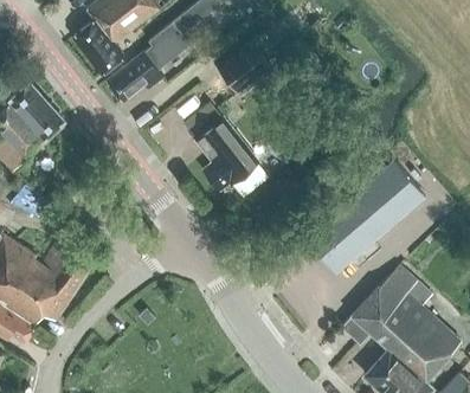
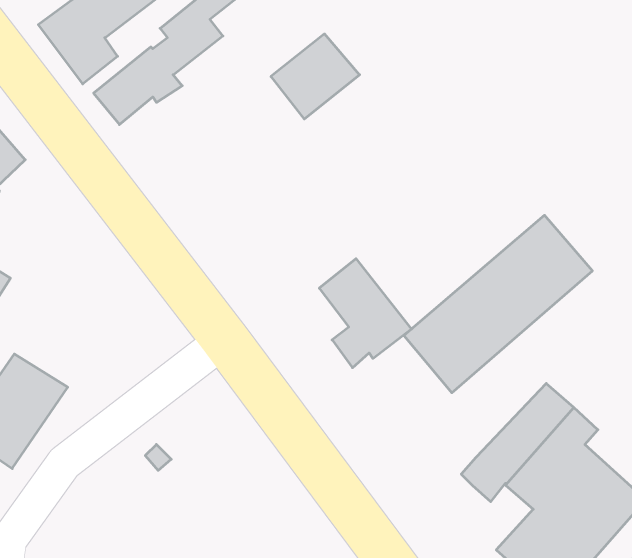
building: [200,117,259,187] -> [319,259,412,368]

